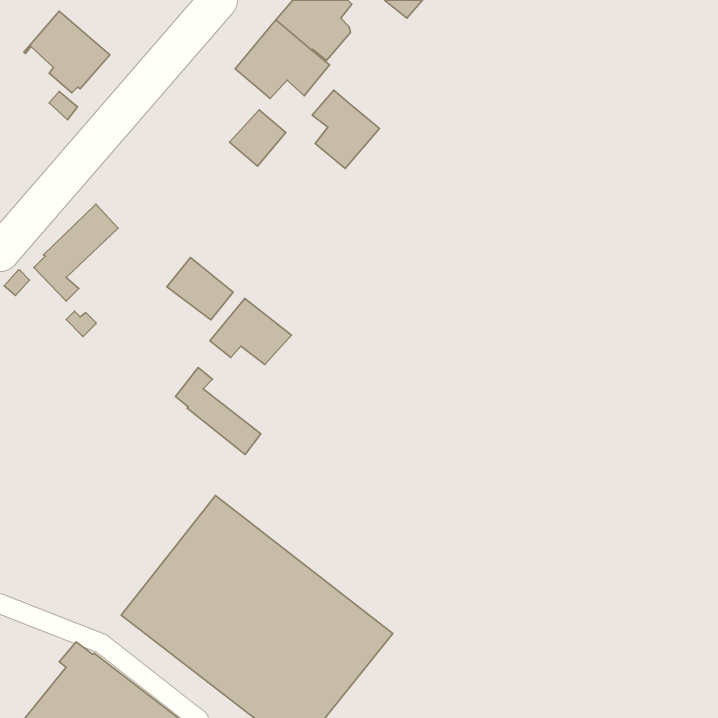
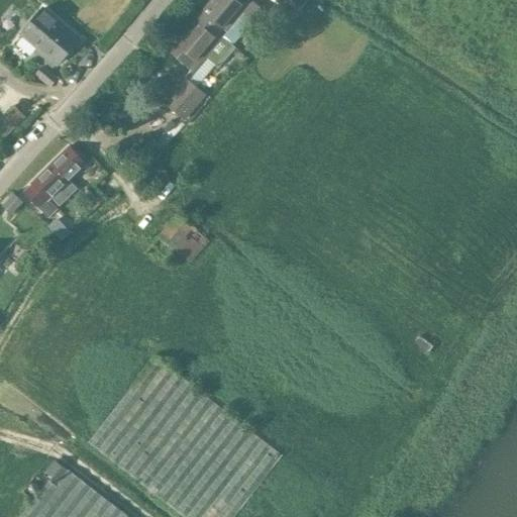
building: [312,90,379,169] -> none
building: [167,257,233,320] -> none
building: [176,368,261,454] -> none

